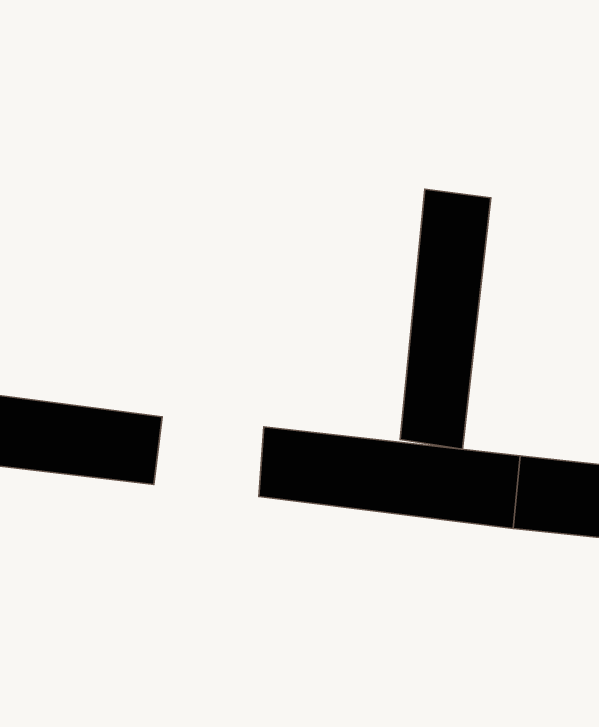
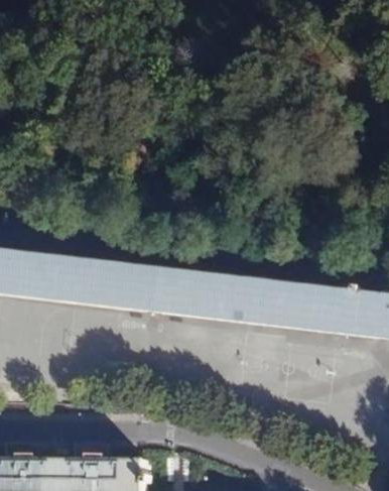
building: [400,189,491,449] -> none
building: none -> [123,265,188,313]

